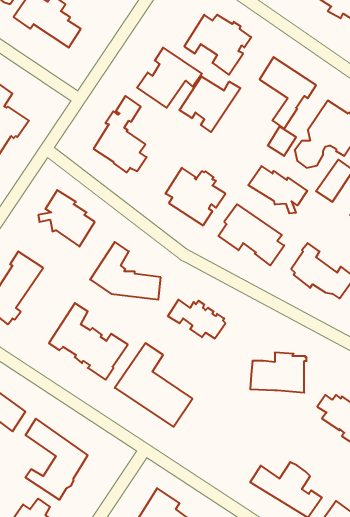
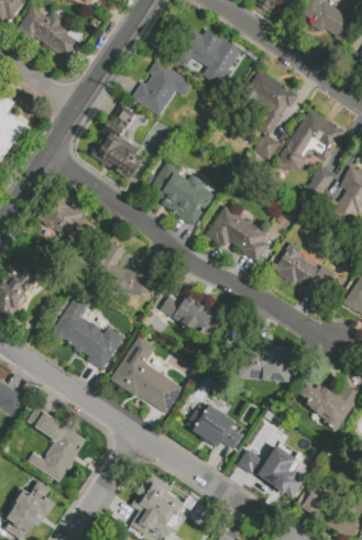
building: [179,76,240,132] -> none
building: [248,166,307,213] -> none
building: none -> [193,404,242,449]

